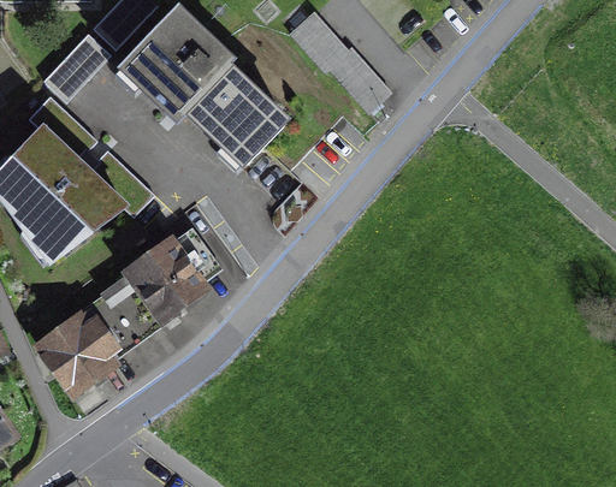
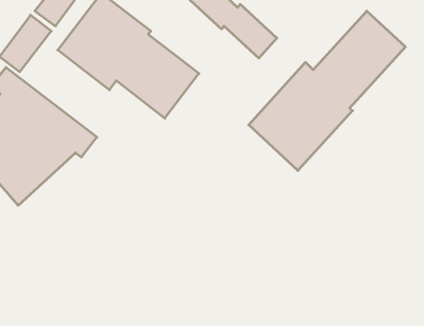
building: none -> [249,11,405,171]
building: [31,224,221,398] -> none

